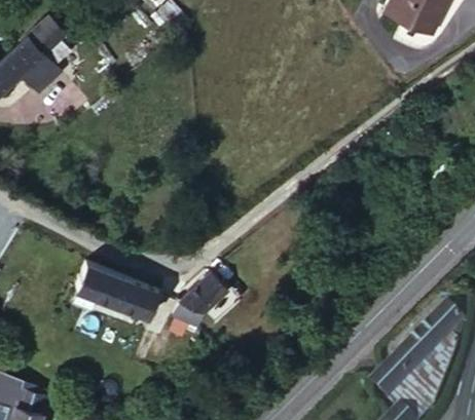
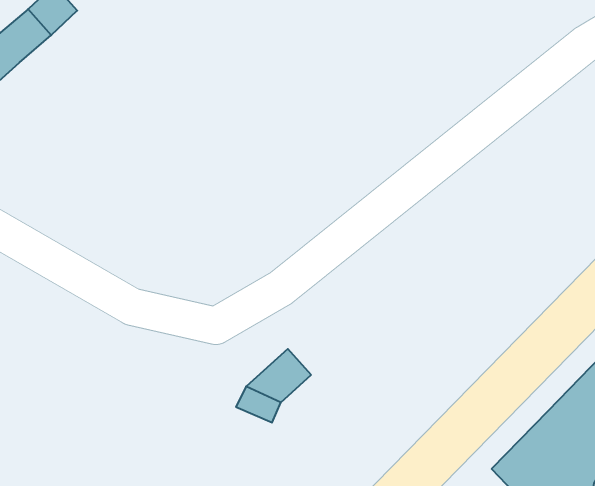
building: [23,59,64,99] -> none
building: [81,269,165,324] -> none

